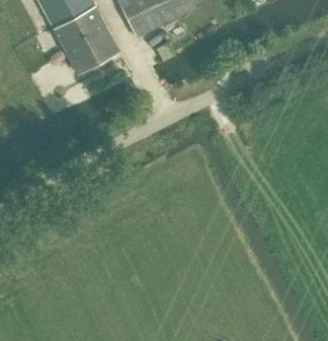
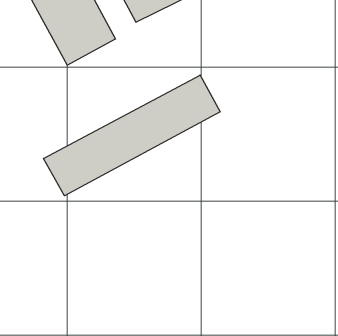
building: none -> [43,75,220,196]

